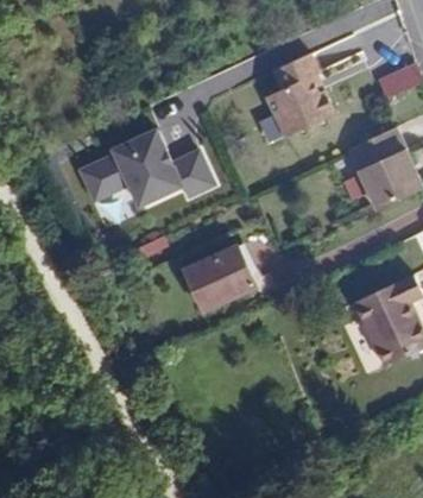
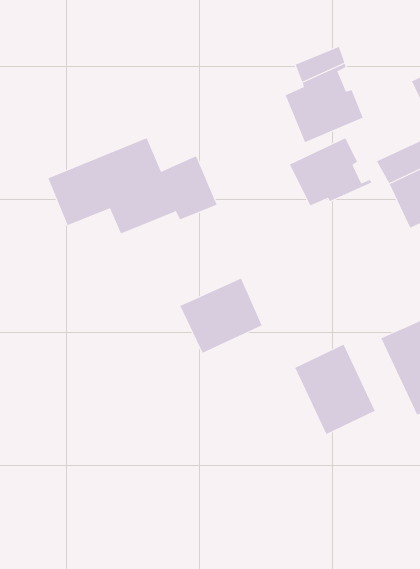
building: none -> [289,138,372,206]
building: none -> [294,344,376,435]

